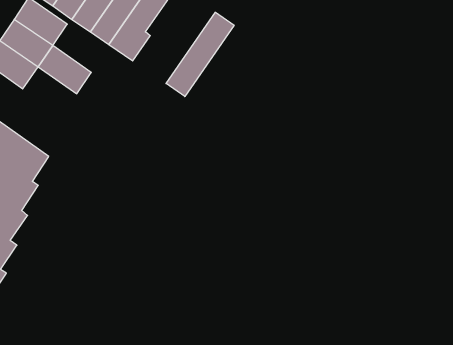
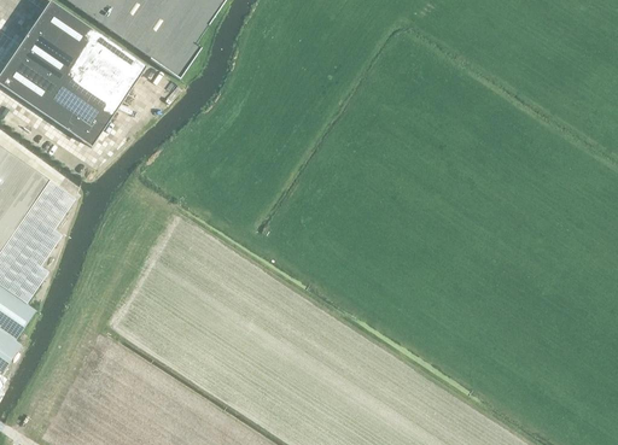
building: [166,12,234,97] -> none
building: none -> [80,33,147,93]
building: none -> [42,86,110,146]

